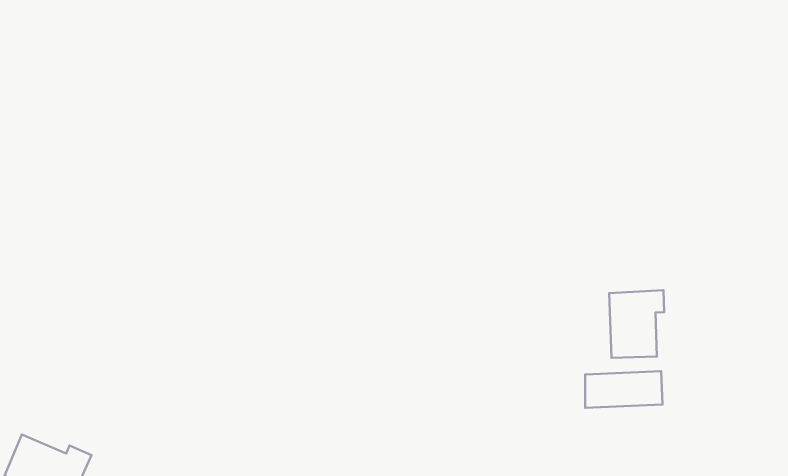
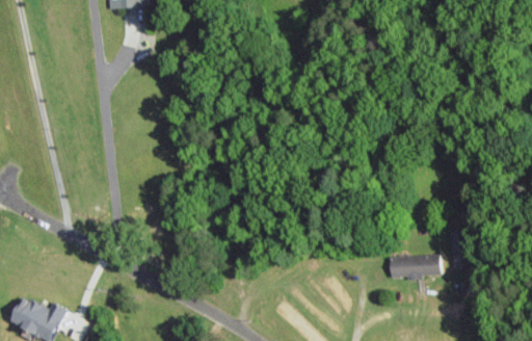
building: [609,290,664,358] -> none

